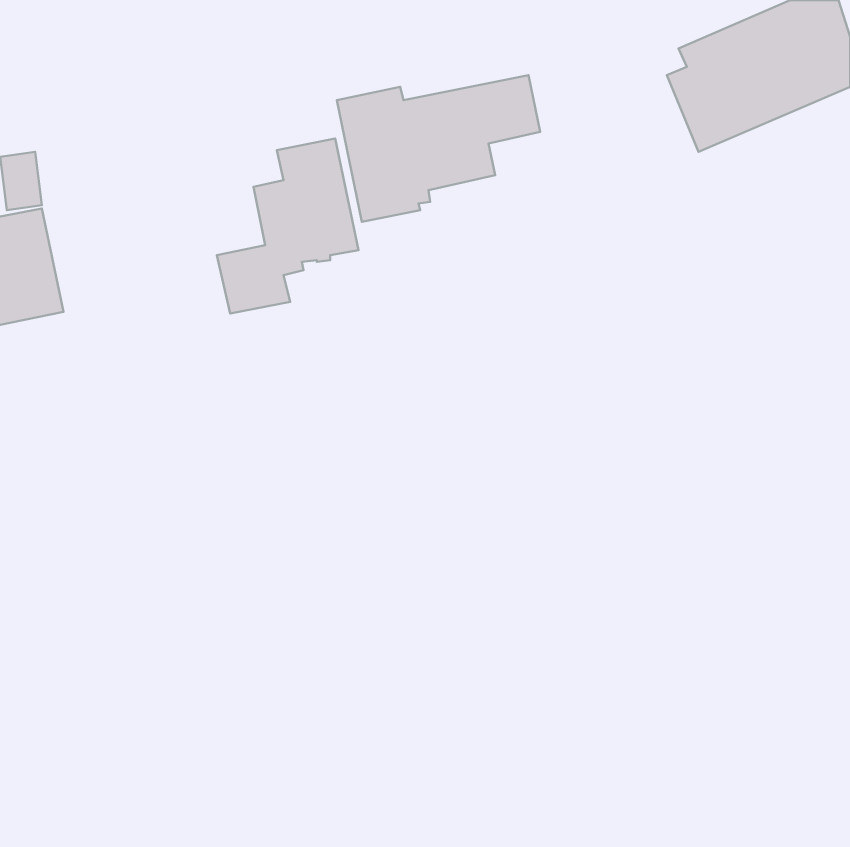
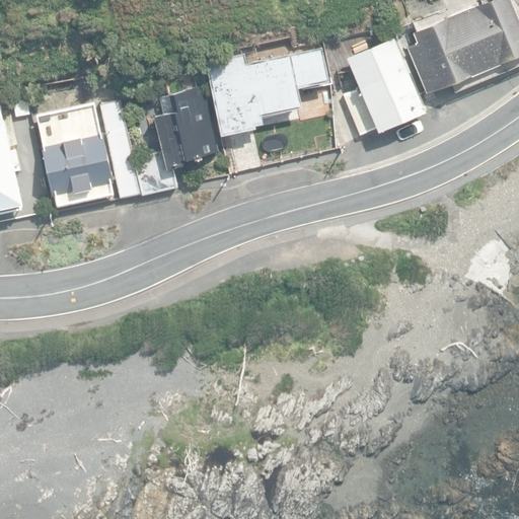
building: none -> [341,40,424,137]
building: none -> [36,102,140,207]

